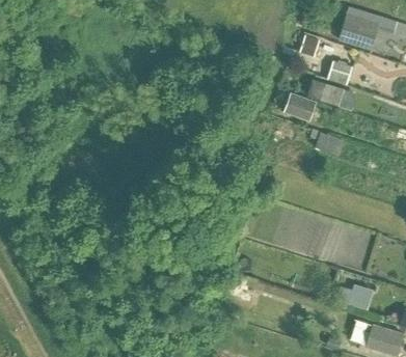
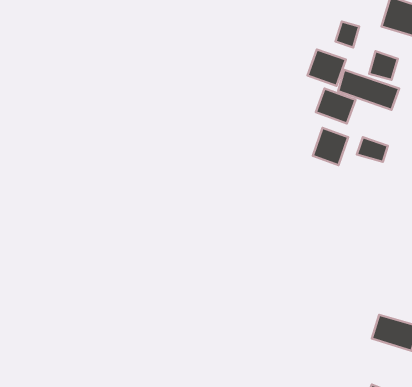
building: none -> [308,49,346,86]
building: none -> [313,128,348,165]

